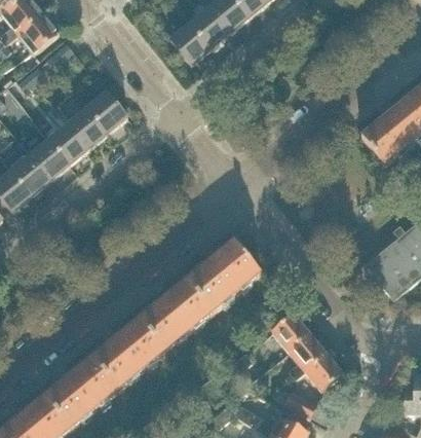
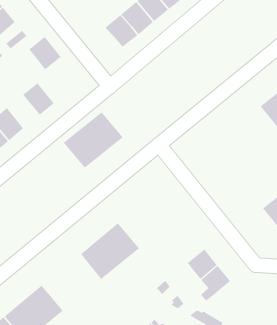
building: [86,90,127,133] -> [28,36,62,70]
building: [48,122,88,163] -> none
building: [186,242,261,313] -> [63,111,123,169]
building: [91,320,164,390] -> none
building: [304,353,343,392] -> none

